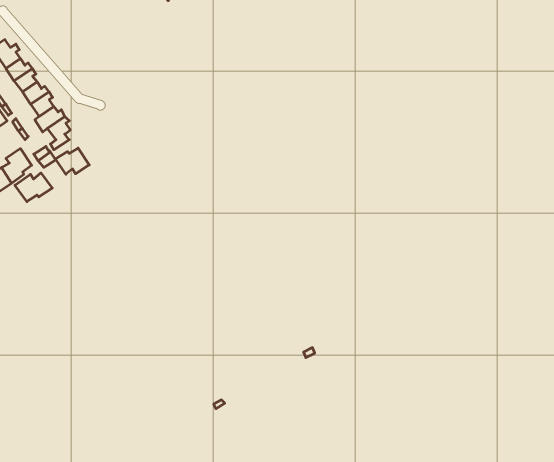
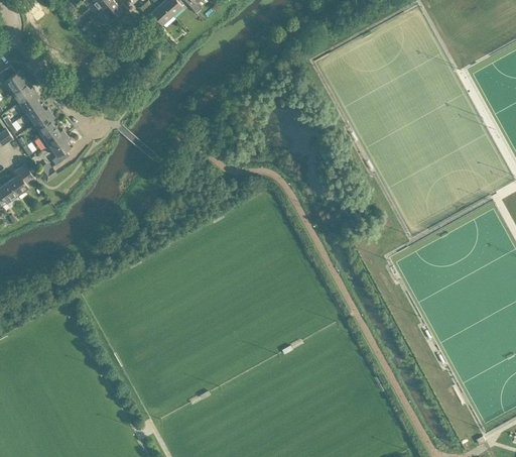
building: [55,148,89,174] -> none
building: [15,173,52,202] -> none

